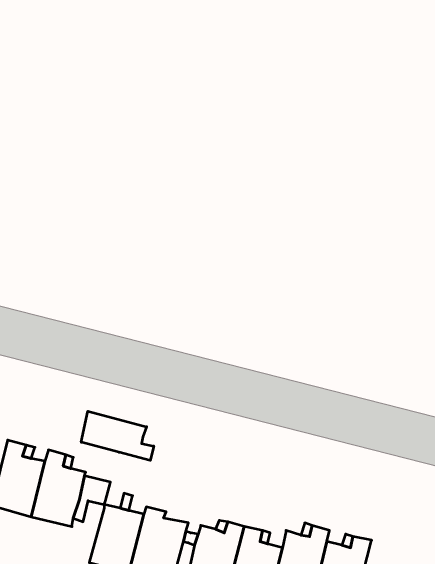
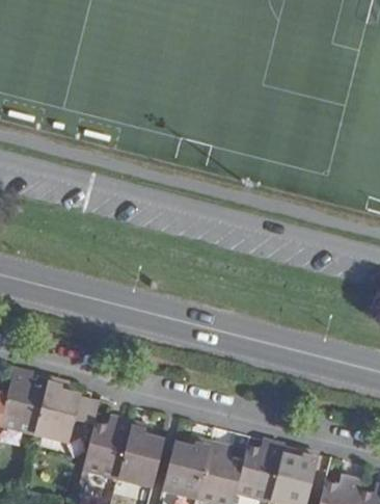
building: [81,411,154,460] -> none

